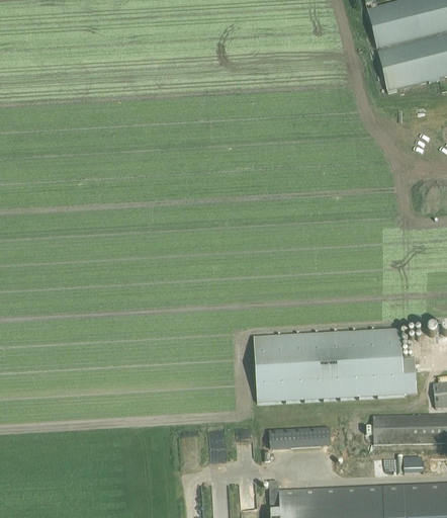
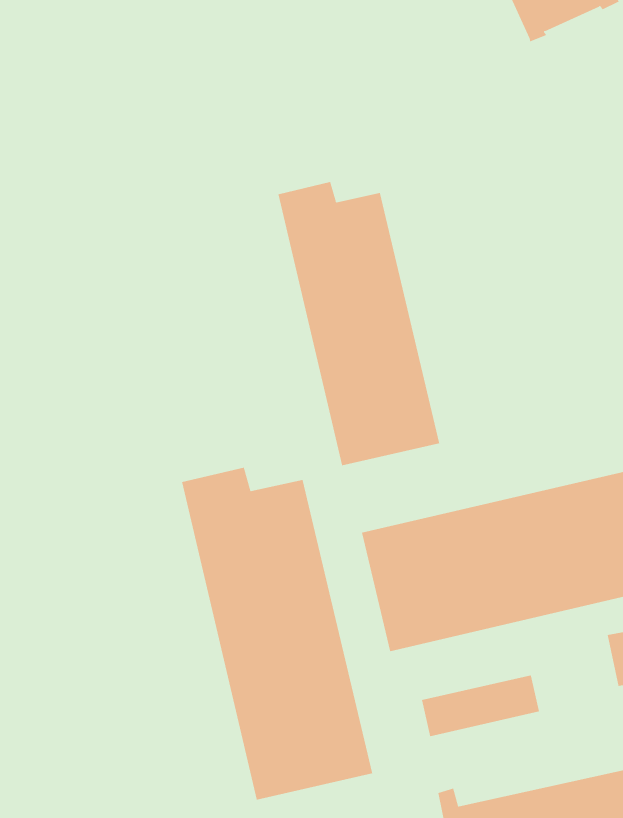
building: none -> [278,181,440,466]
building: none -> [182,467,373,801]

